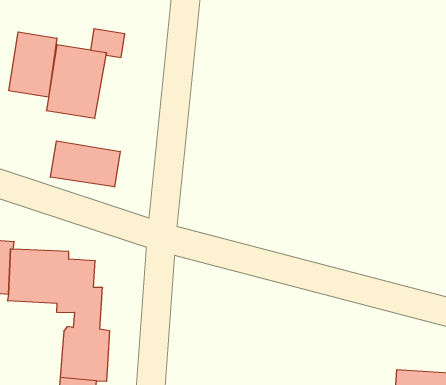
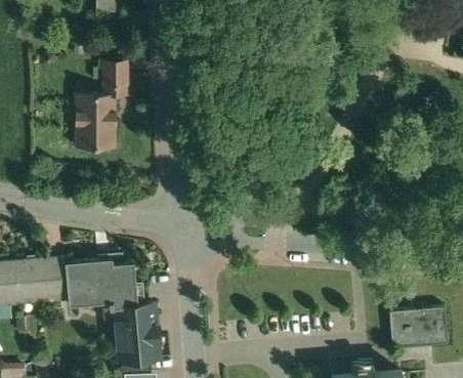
building: [9,32,57,97] -> none
building: [51,141,120,187] -> none

